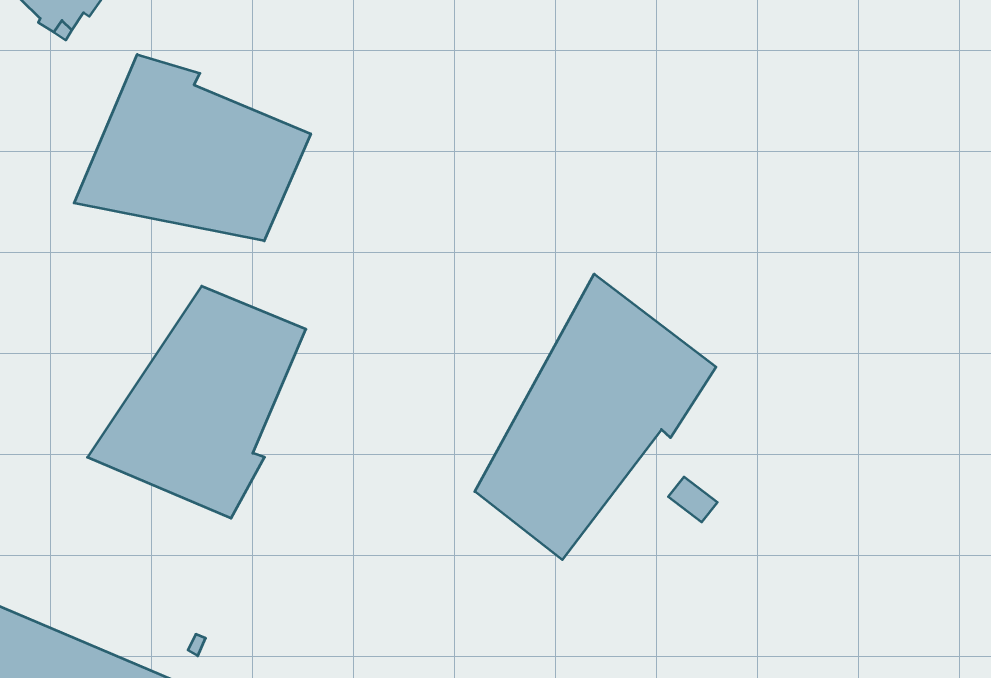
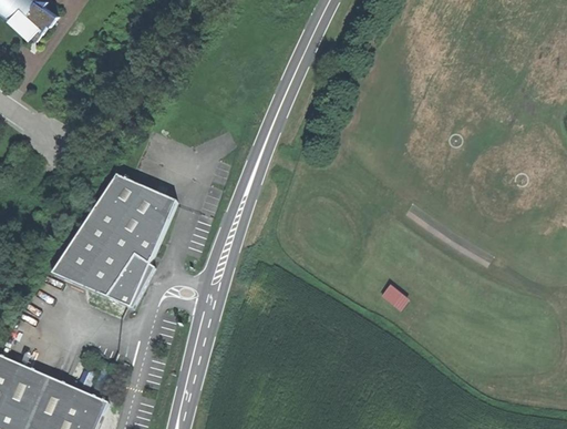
building: [74,54,311,241] -> none
building: [475,274,716,560] -> none

